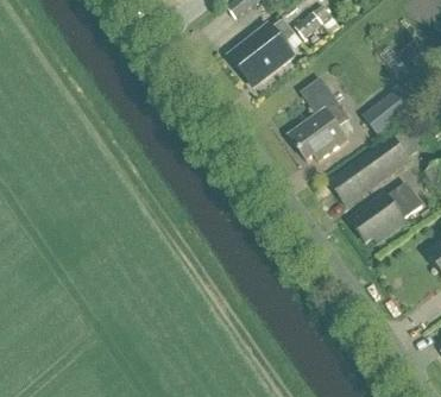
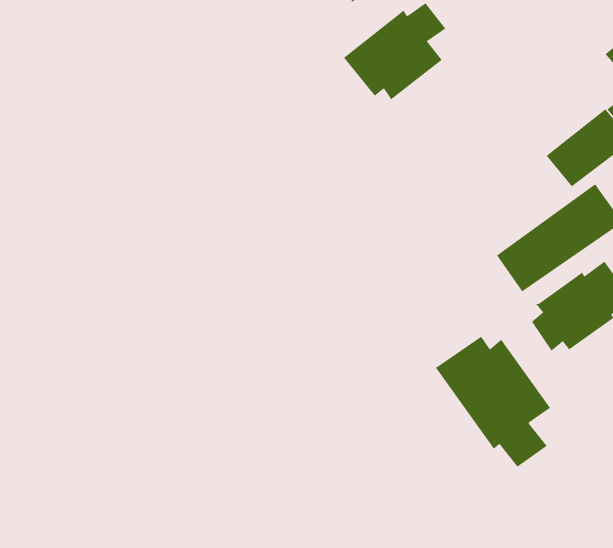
building: [286,76,347,159] -> none
building: none -> [435,336,551,468]

